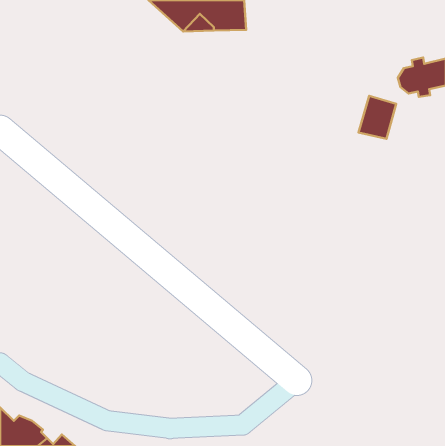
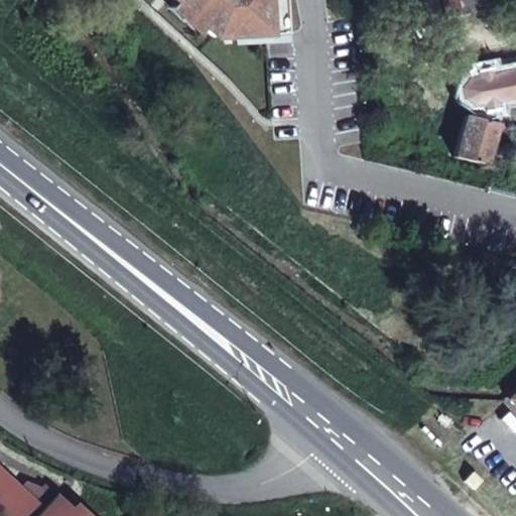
building: [359,96,396,139] -> [455,115,498,164]

